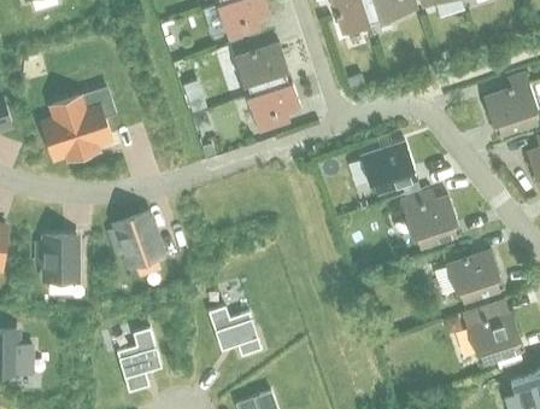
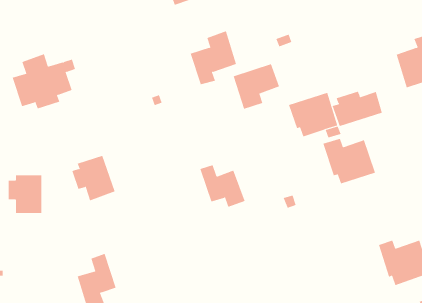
building: [234,42,288,95] -> [233,64,280,110]
building: none -> [332,91,383,127]
building: [445,249,504,300] -> none
building: [207,305,260,355] -> [199,165,245,207]

